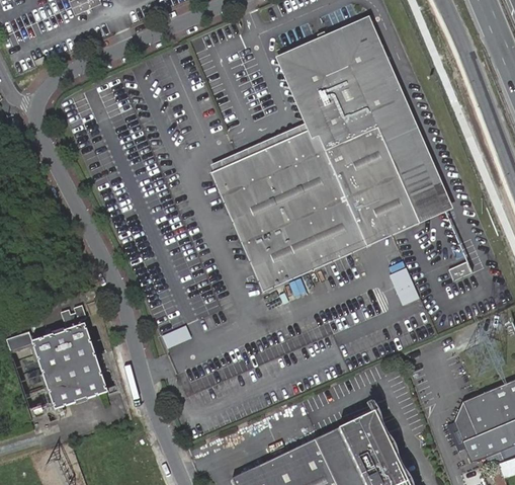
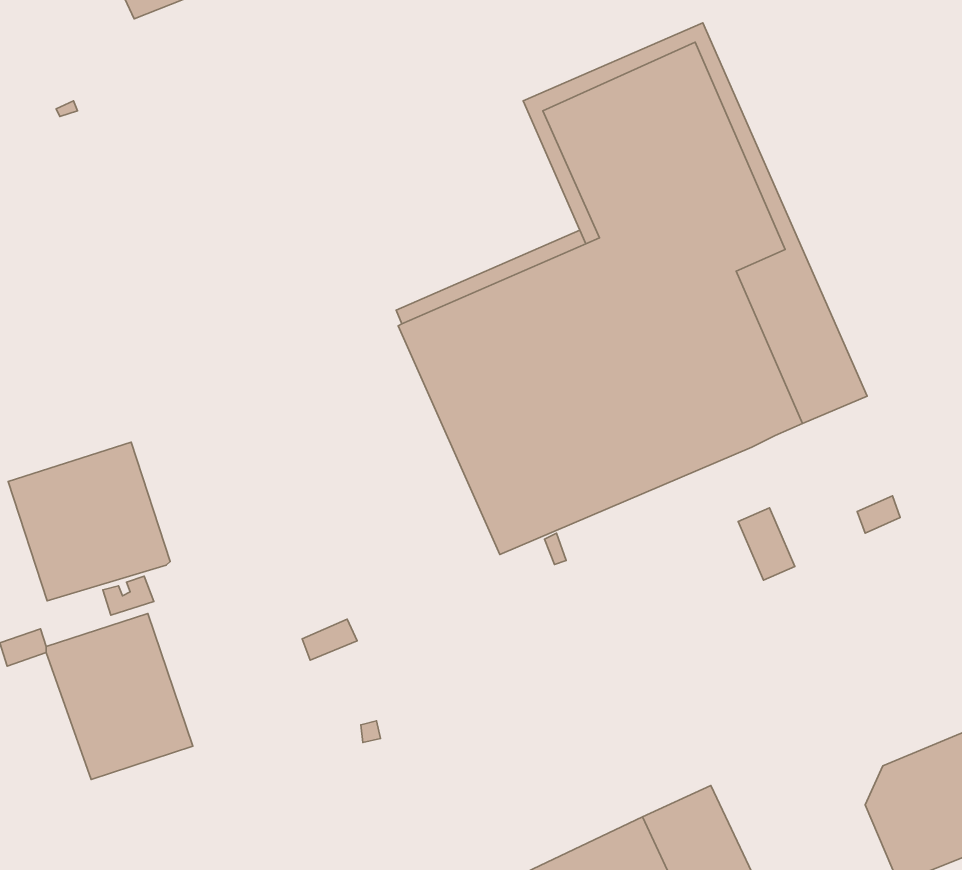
building: none -> [8,442,170,601]

